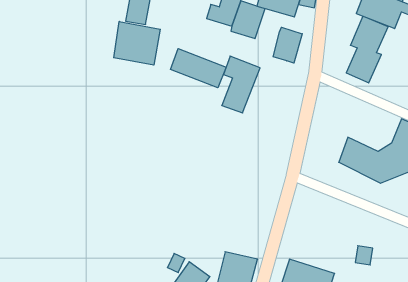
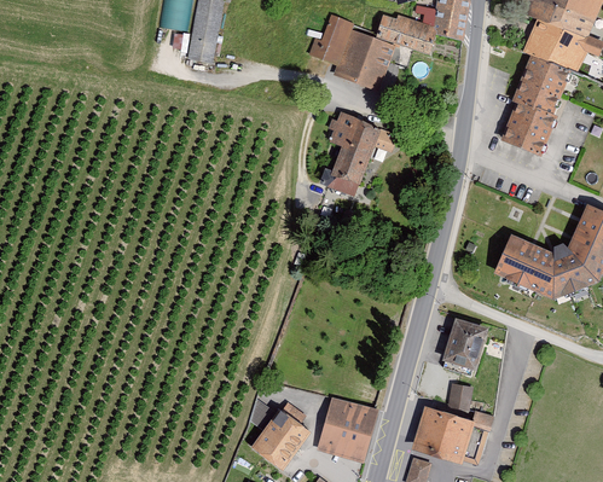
building: [114,21,160,65] -> none
building: [273,27,302,63] -> none
building: [170,49,226,88] -> none
building: none -> [443,318,487,367]
building: [355,246,373,265] -> [447,382,472,410]

